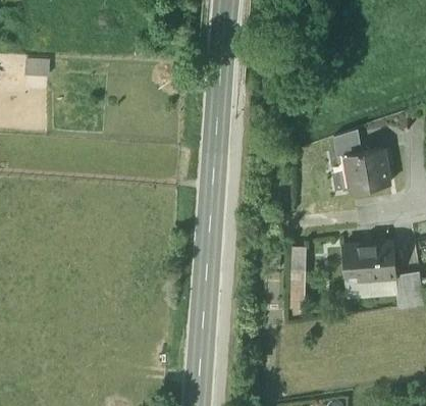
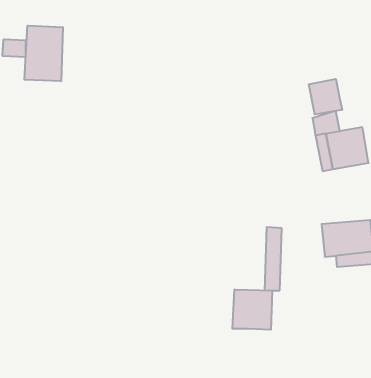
building: none -> [25,26,63,81]
building: none -> [309,79,342,114]
building: none -> [232,289,272,330]

